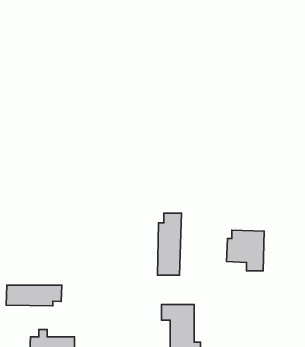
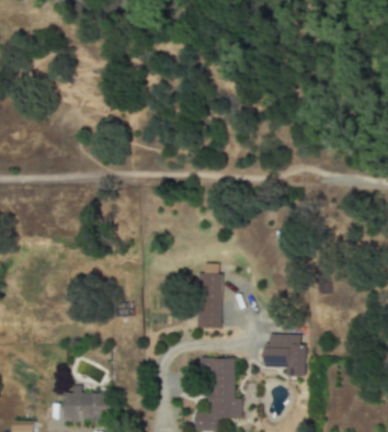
building: [226,230,264,271] -> [265,333,305,376]
building: [6,285,62,306] -> none

